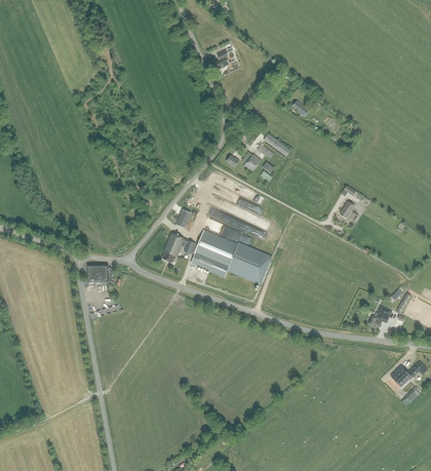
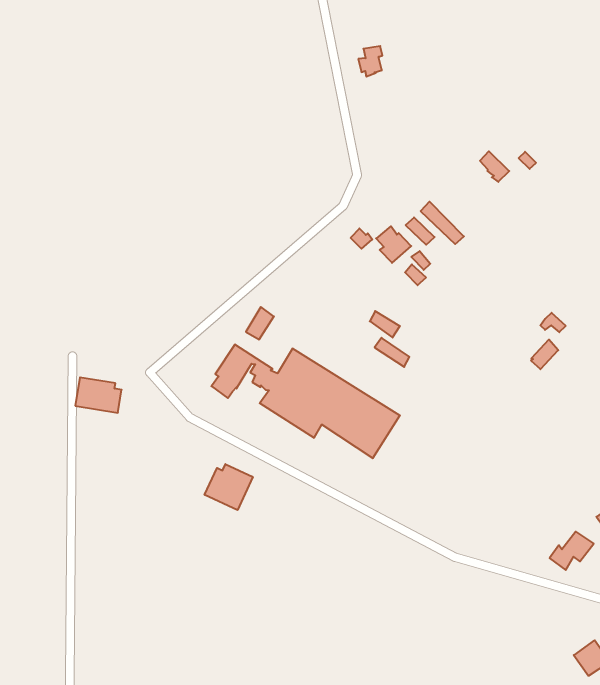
building: none -> [205,464,253,510]

